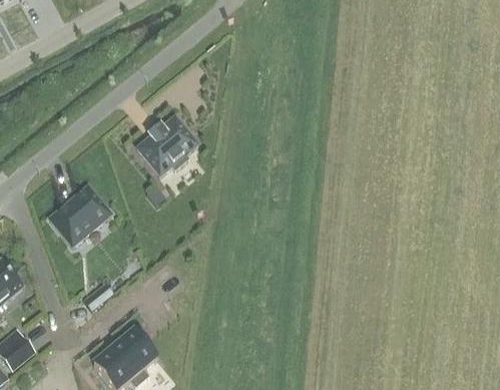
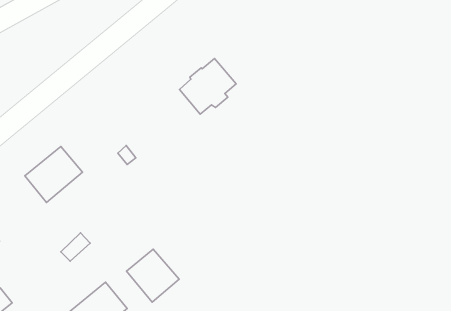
building: [137,114,197,173] -> [179,58,236,114]
building: none -> [126,249,179,302]

